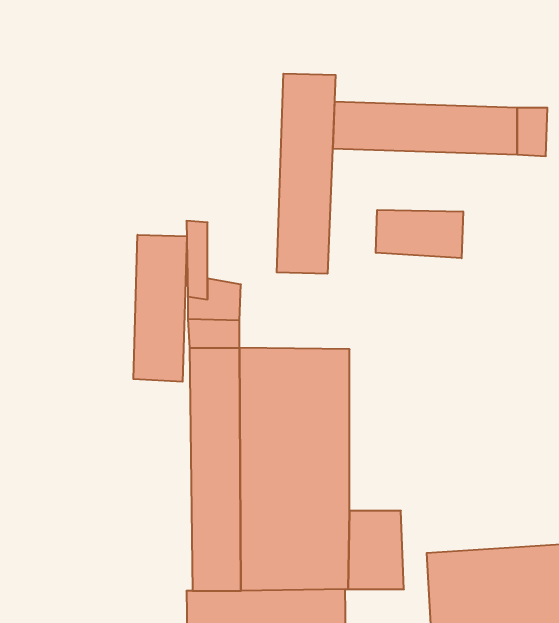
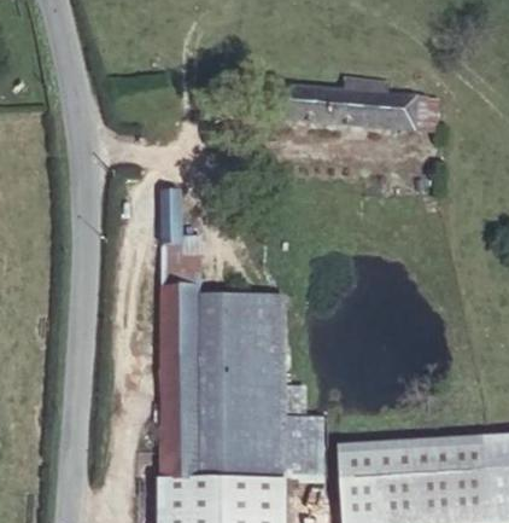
building: [277,74,336,274] -> none
building: [376,210,463,258] -> none
building: [133,235,187,382] -> none

